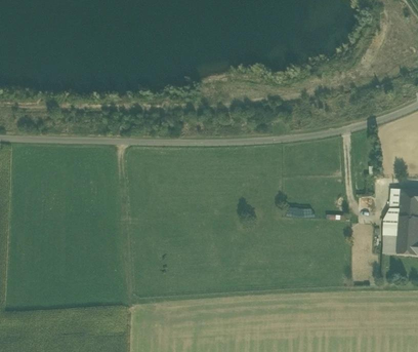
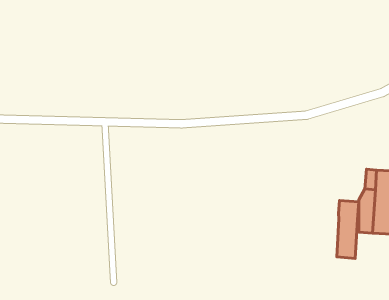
building: none -> [337,200,359,258]

